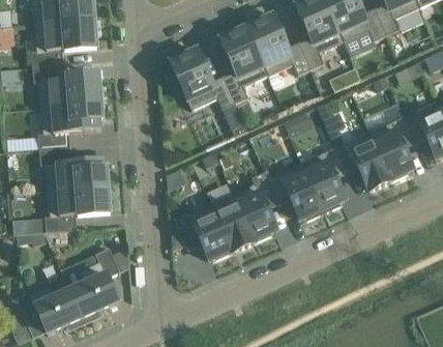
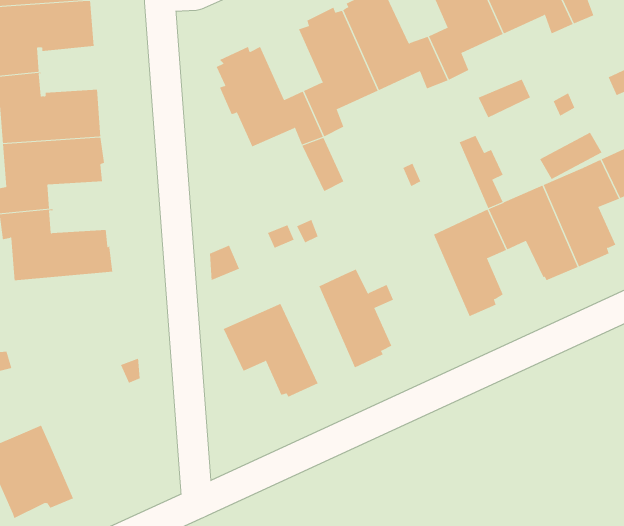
building: [267,162,323,220] -> none
building: [45,184,110,231] -> none
building: [209,193,254,252] -> none
building: [70,247,120,321] -> none

